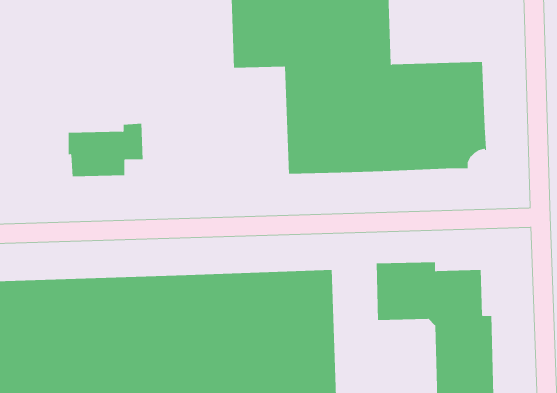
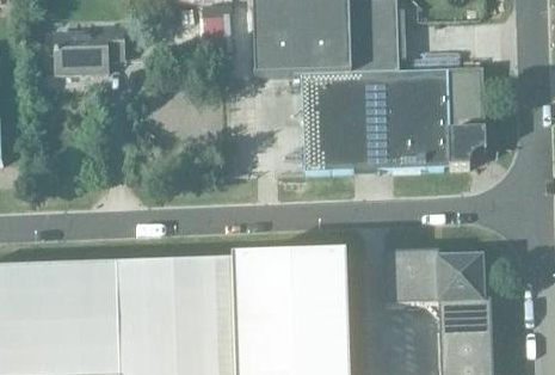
building: [68,123,144,177] -> [55,23,124,72]

